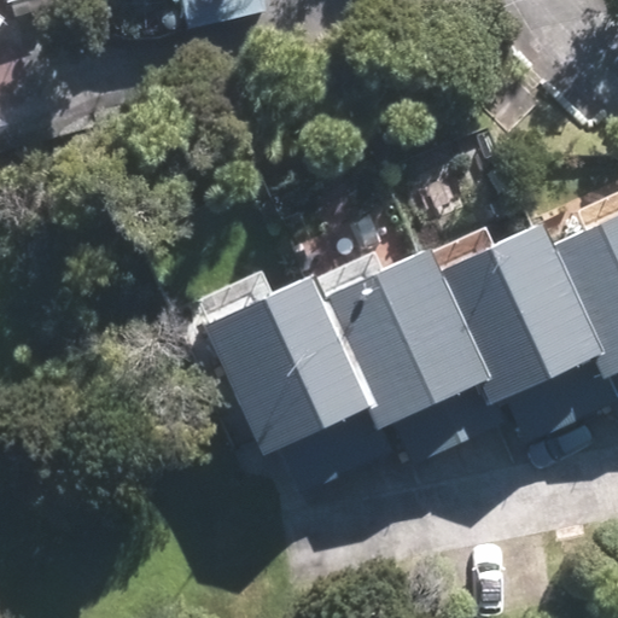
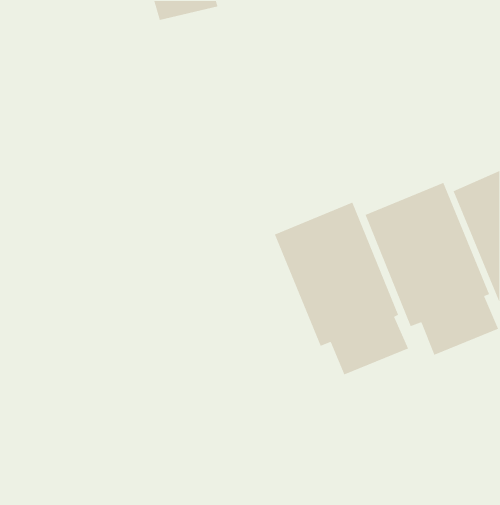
building: [217,275,383,488] -> none

